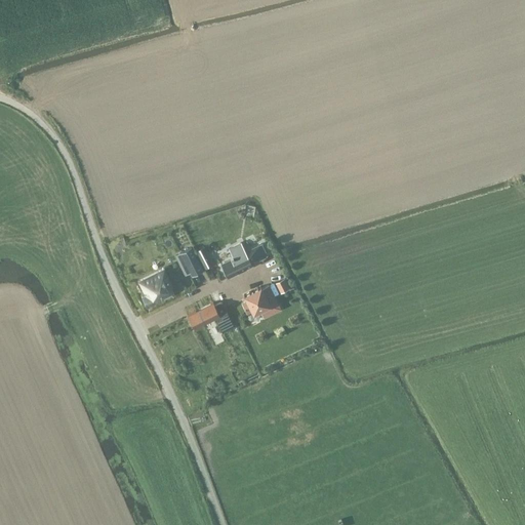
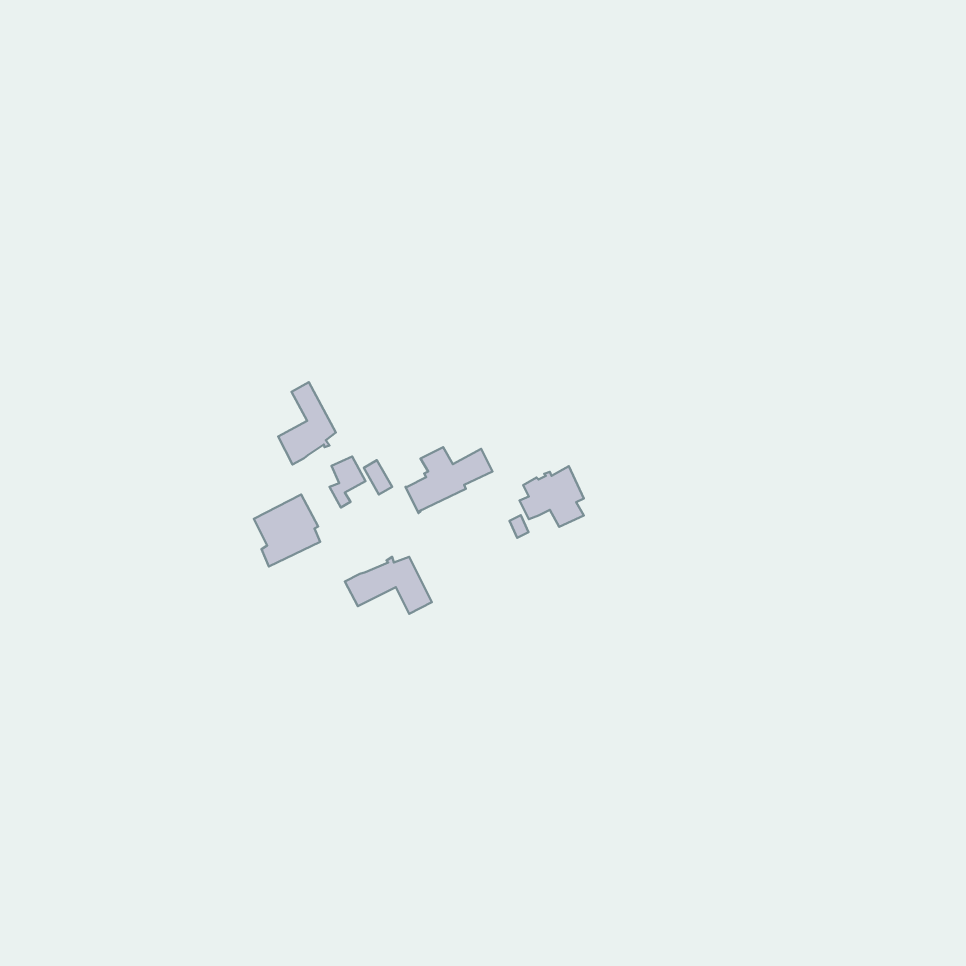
building: none -> [278,382,336,464]
building: [242,285,277,318] -> [519,466,584,527]

